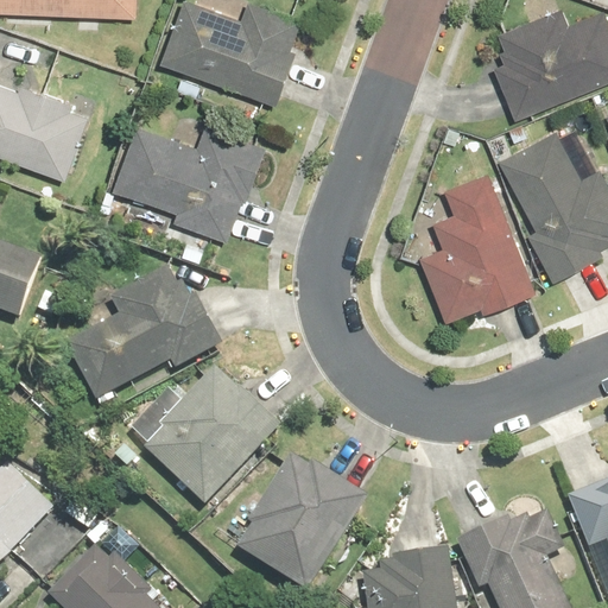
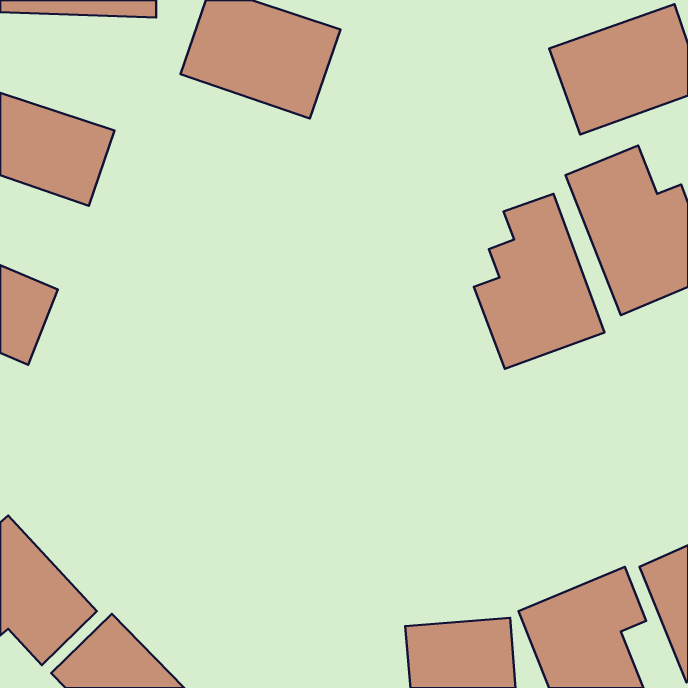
building: [106,114,264,243] -> none
building: [58,267,217,405] -> none
building: [137,368,277,507] -> none
building: [233,452,365,590] -> none

